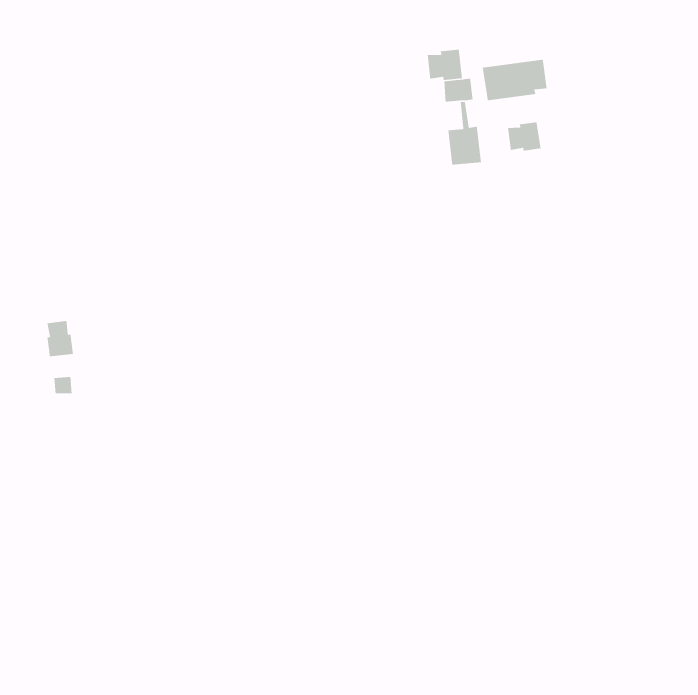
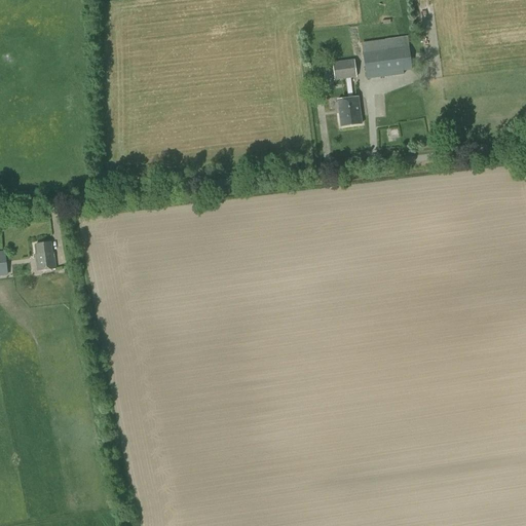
building: [427,49,463,81] -> none
building: [507,121,542,151] -> none

